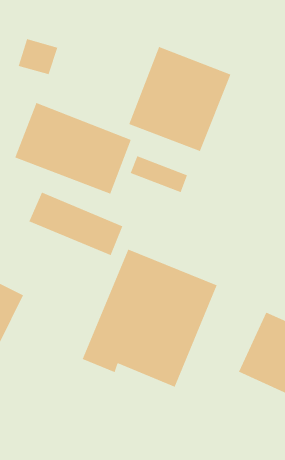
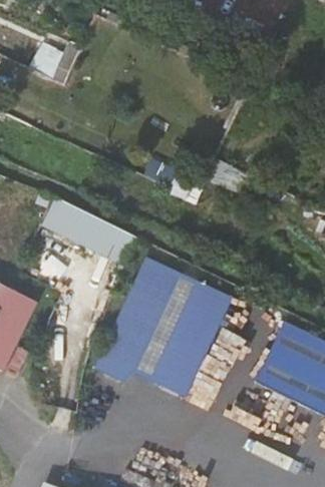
building: [129,46,231,152] -> none
building: [14,102,132,195] -> none

